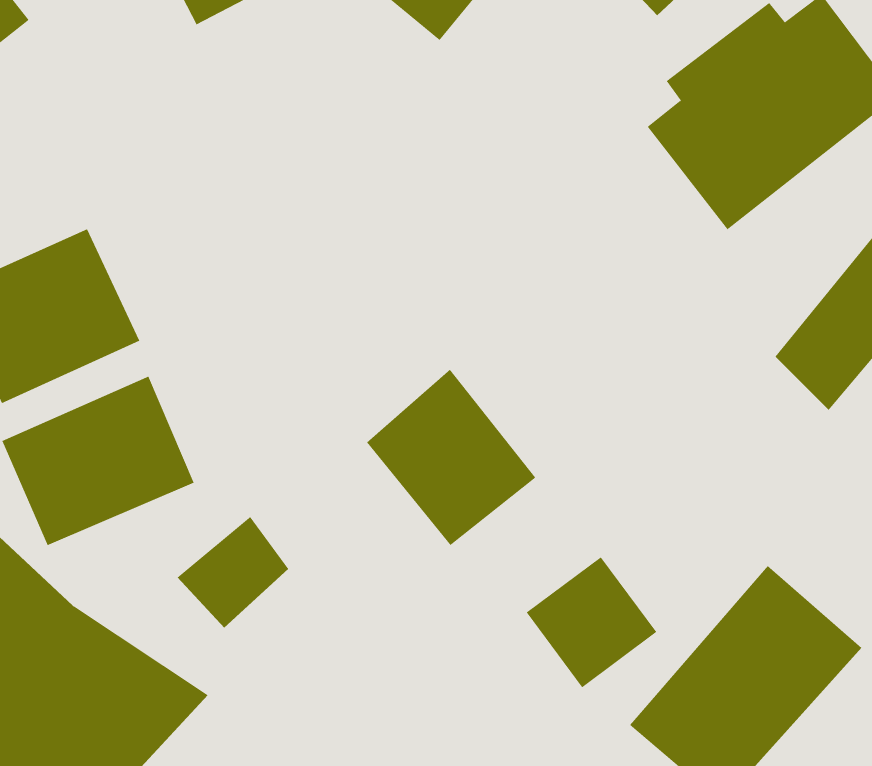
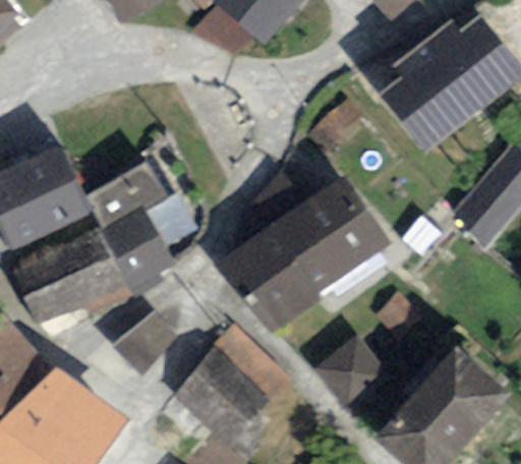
building: none -> [91,164,175,288]
building: none -> [270,171,392,291]
building: none -> [169,331,287,450]

